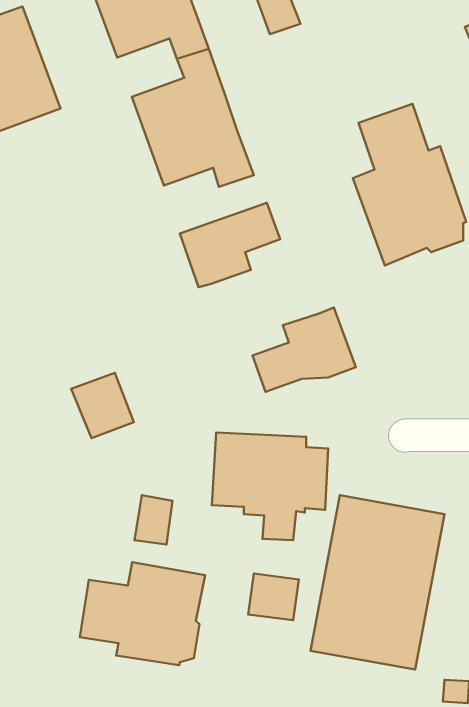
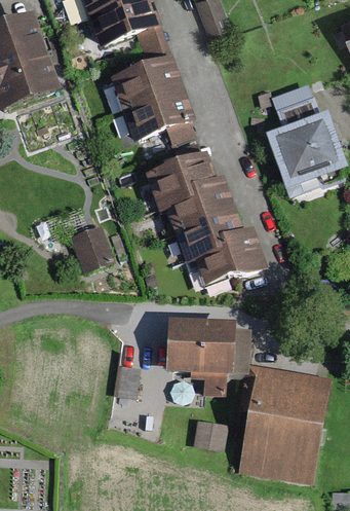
building: none -> [166,177,243,265]
building: [71,373,134,438] -> [69,226,113,272]
building: [80,562,205,665] -> none

